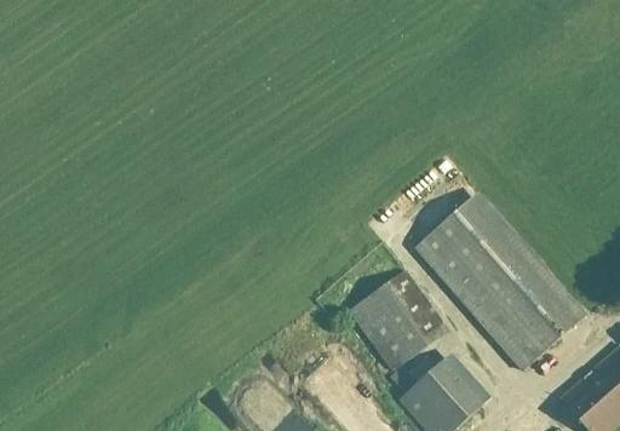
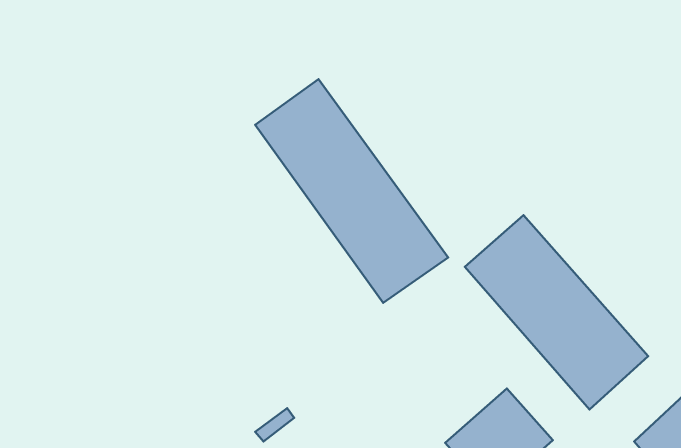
building: none -> [255,79,448,303]
building: [349,269,450,370] -> none

